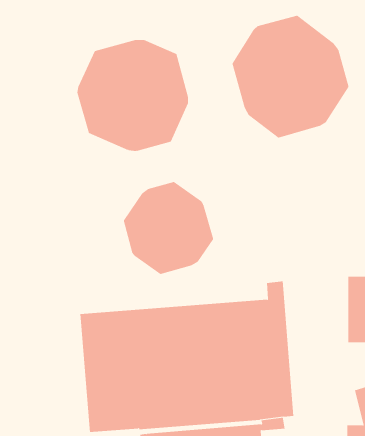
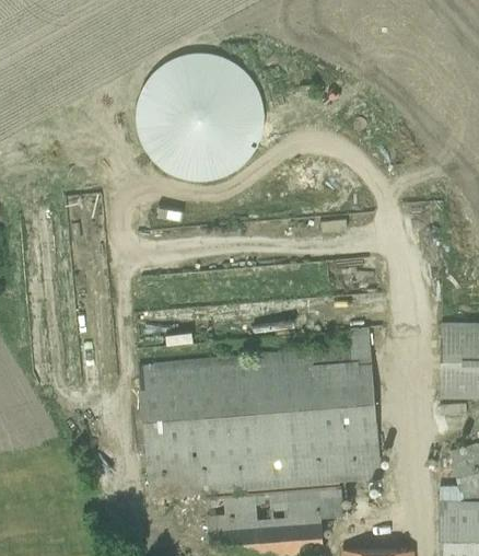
building: [232,15,349,139] -> none
building: [123,181,214,275] -> none

